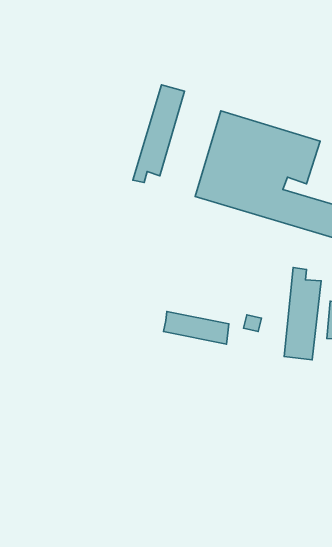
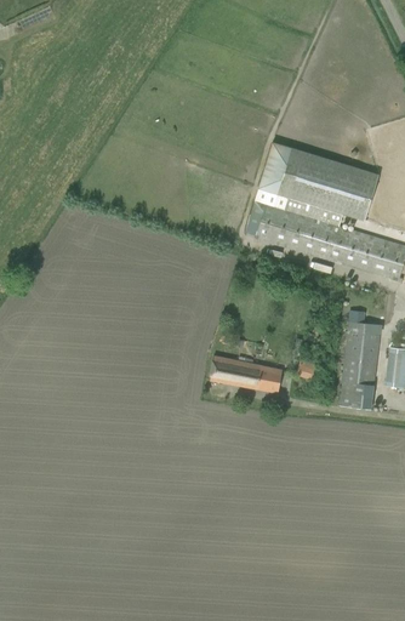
building: [133,85,185,182] -> none

